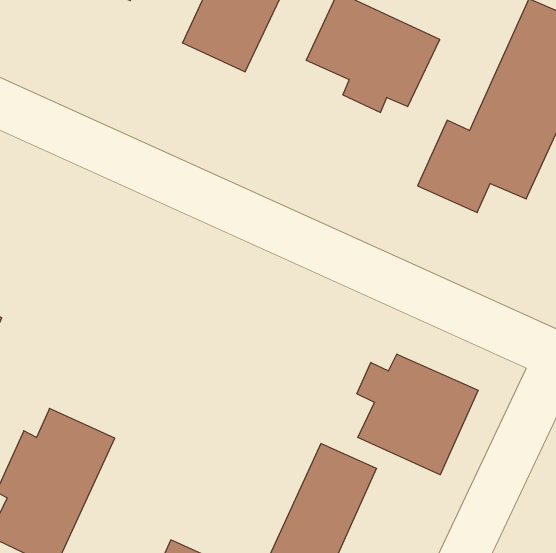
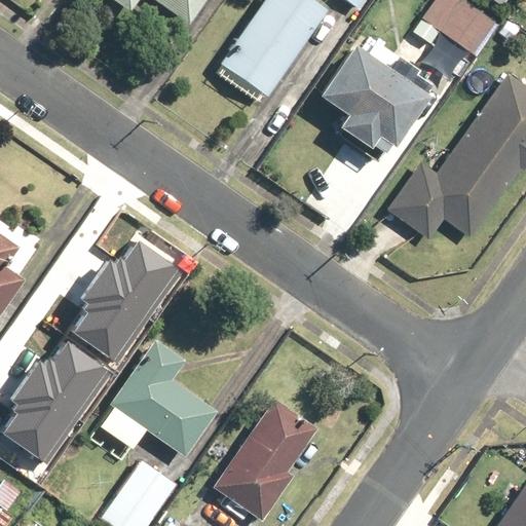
building: none -> [66,234,180,363]
building: [357,354,478,475] -> none
building: none -> [111,334,212,452]

